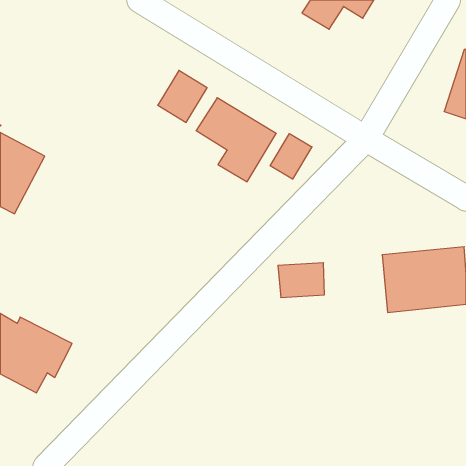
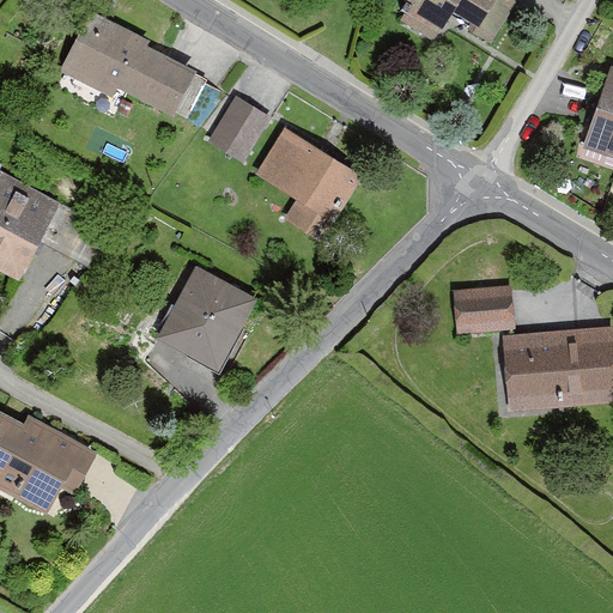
building: none -> [59,6,199,119]
building: [270,134,312,179] -> none
building: none -> [154,265,256,372]
building: [278,263,324,297] -> [453,285,514,330]

